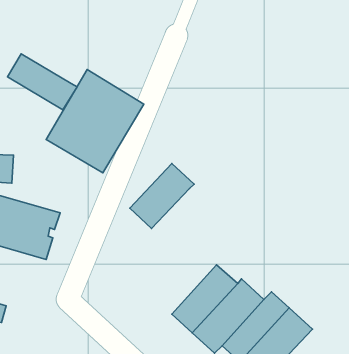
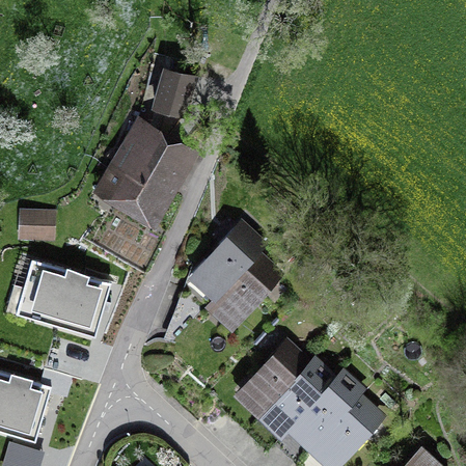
building: none -> [153,66,198,117]
building: [8,54,77,110] -> none
building: none -> [202,254,278,331]

